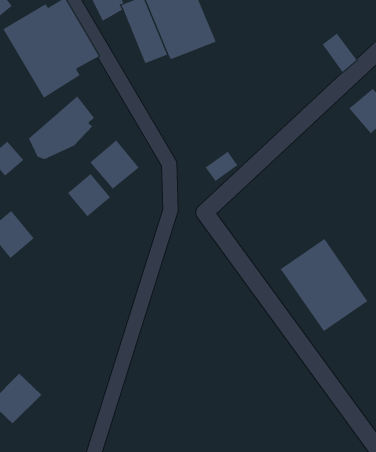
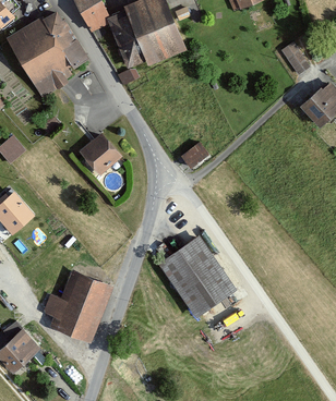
building: [28,96,95,160] -> none
building: [67,173,111,217] -> none
building: [280,238,368,332] -> [160,235,236,315]
building: none -> [41,269,111,342]

